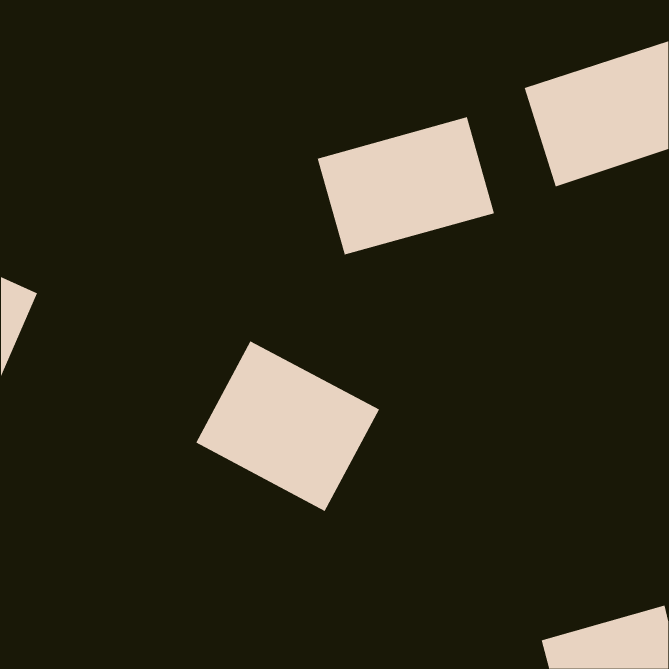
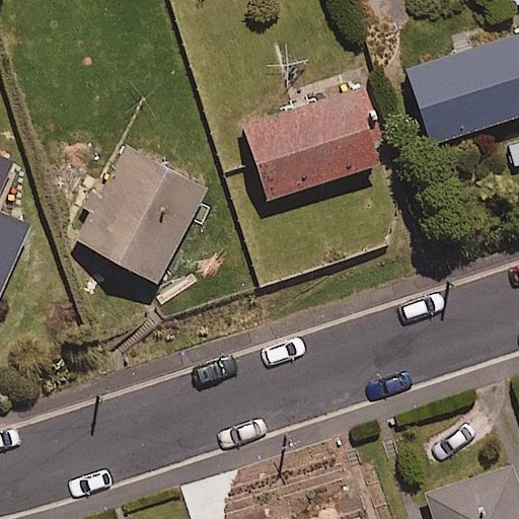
building: none -> [76,145,208,283]
building: [195,340,380,512] -> none

